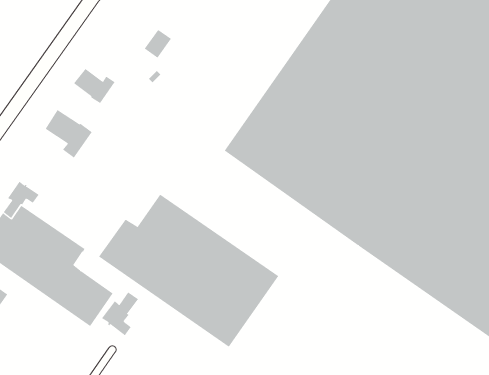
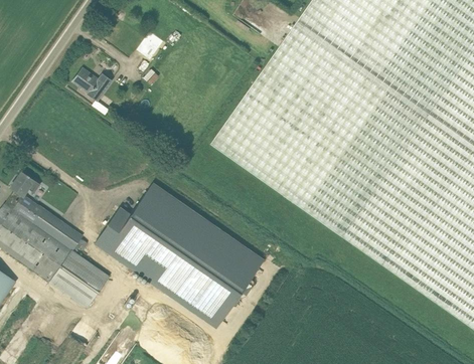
building: [45,109,92,158] -> none
building: [101,292,139,336] -> none

